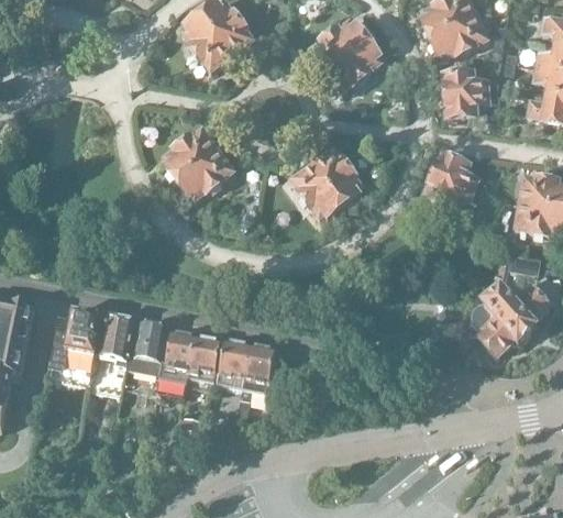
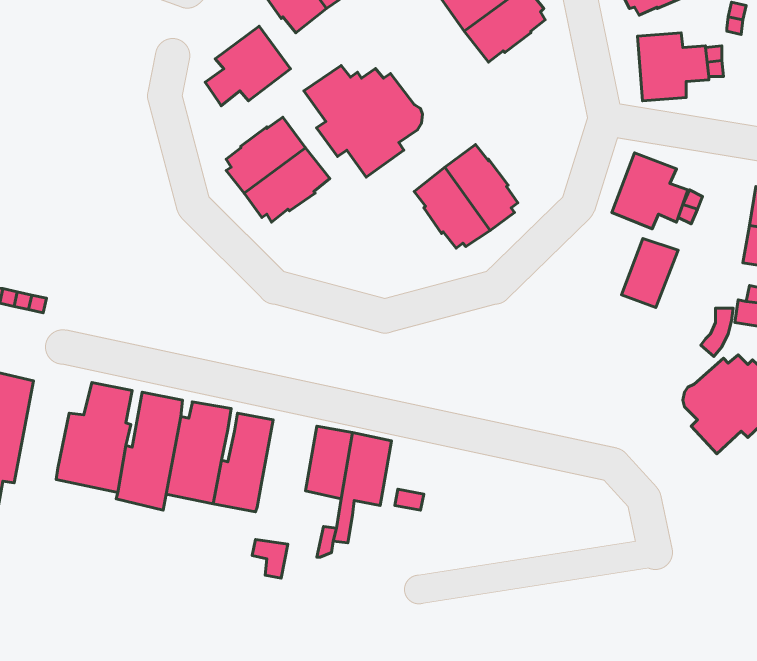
building: none -> [205,26,291,106]
building: none -> [304,65,422,177]
building: none -> [622,239,678,308]
building: [188,332,222,379] -> none

